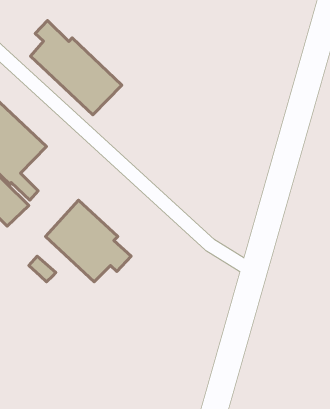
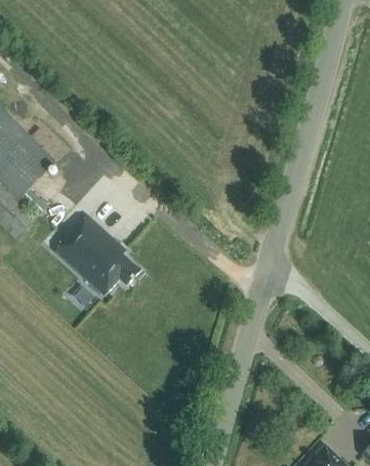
building: [31,21,122,115] -> none

